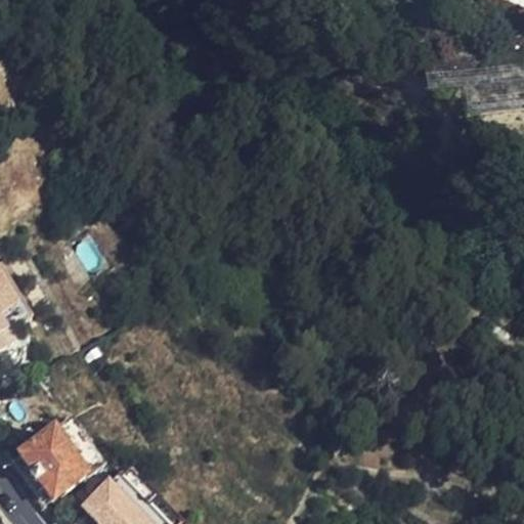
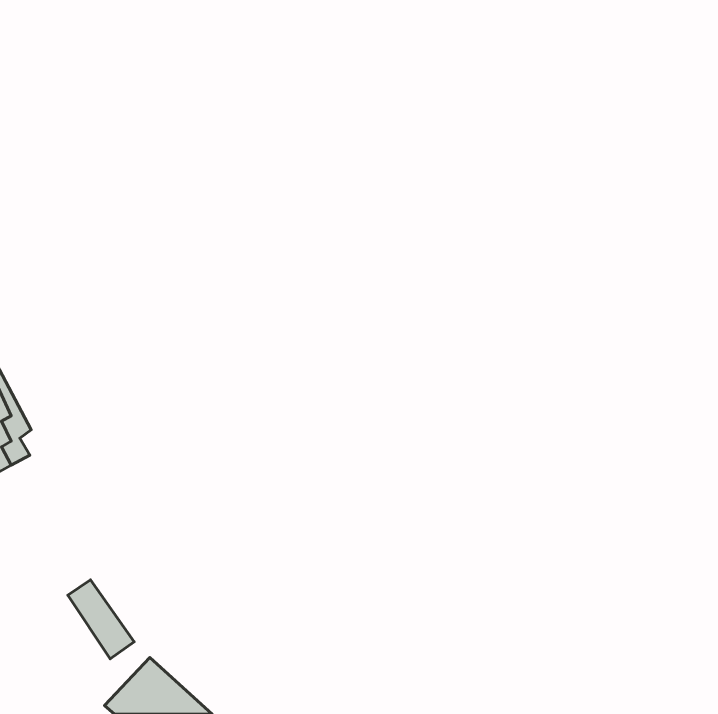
building: [16,431,80,498] -> none

